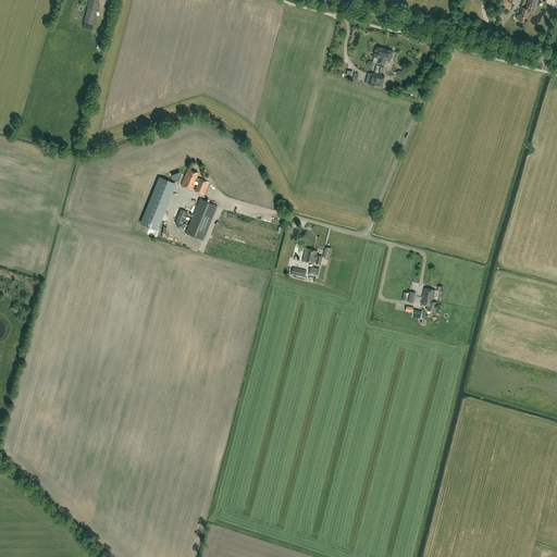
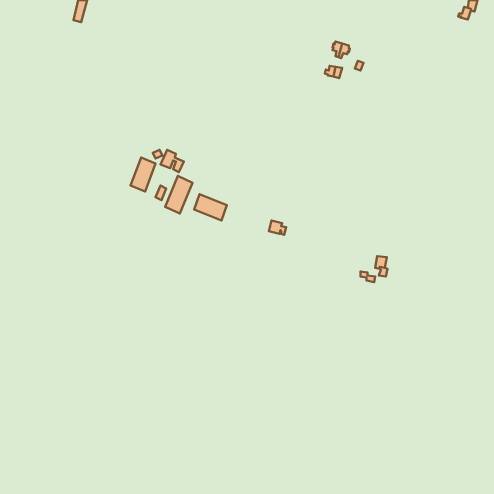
building: none -> [194,194,227,221]

